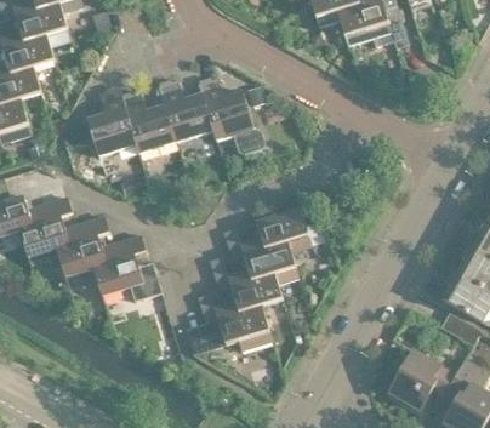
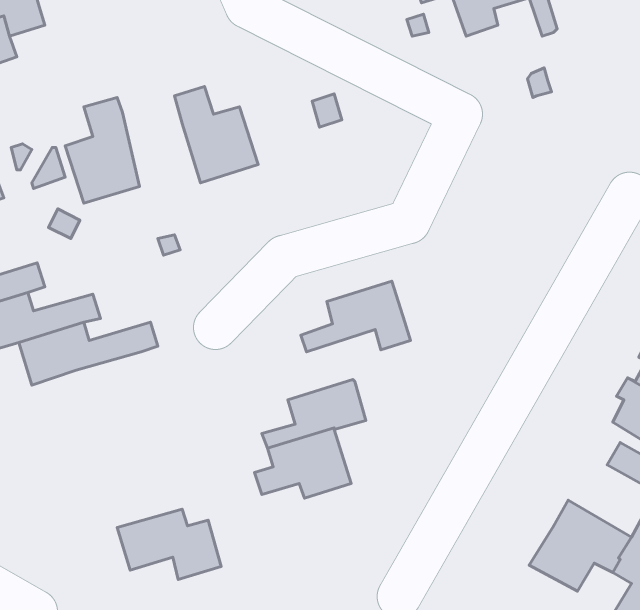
building: [195,78,261,159] -> none
building: [122,92,173,155] -> none
building: [227,240,296,286] -> none
building: [92,255,160,301] -> [117,509,221,580]

